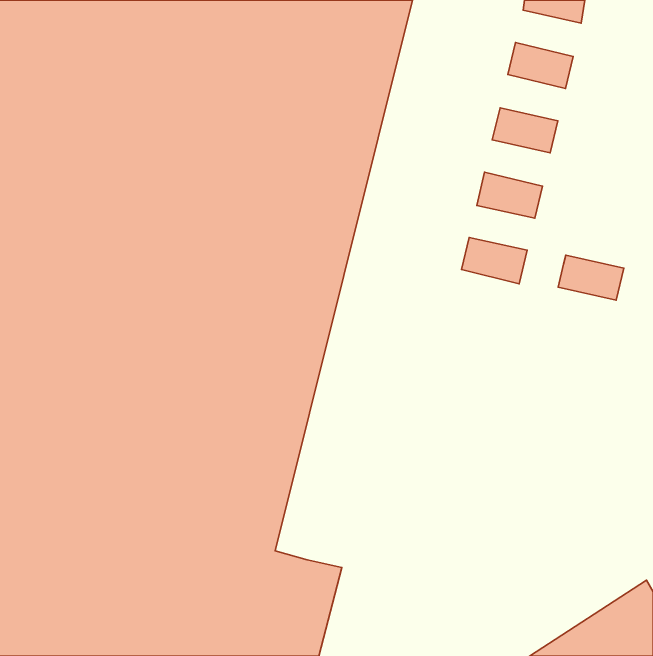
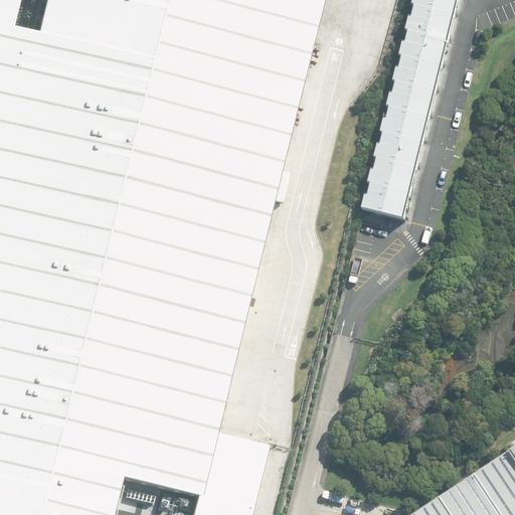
building: none -> [403,8,455,44]
building: none -> [391,58,443,95]
building: none -> [379,110,431,146]
building: [558,255,624,300] -> [367,161,418,196]

